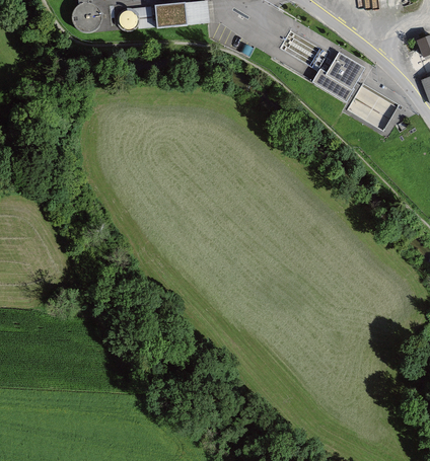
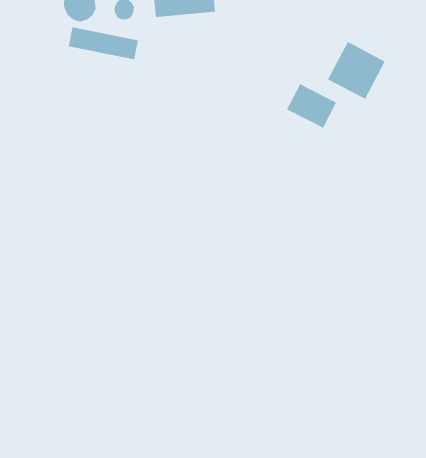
building: none -> [68,27,139,60]
building: [348,87,393,128] -> [286,83,337,128]

